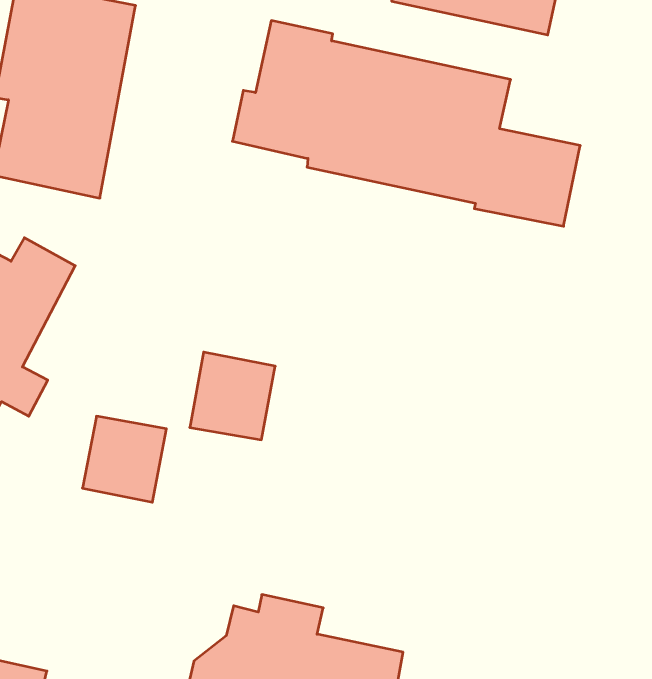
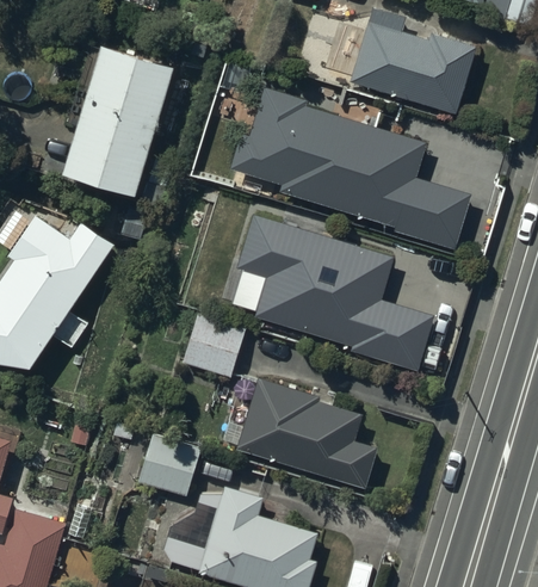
building: none -> [237,216,432,370]
building: [82,416,166,502] -> [138,433,200,496]
building: none -> [236,378,377,488]

